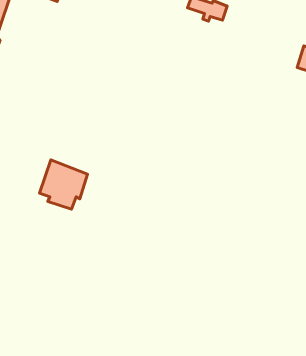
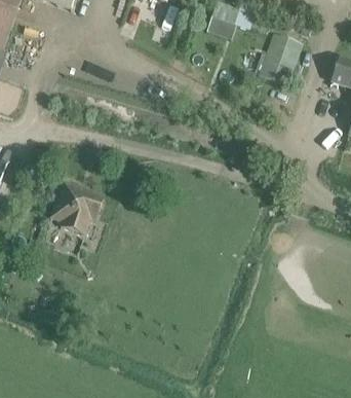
building: none -> [259,33,303,84]

